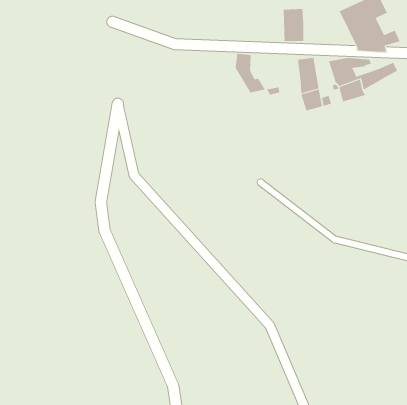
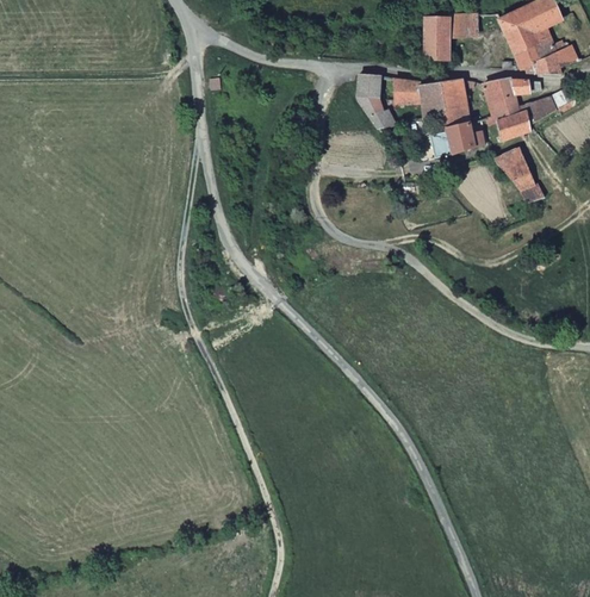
building: none -> [448,12,477,36]
building: none -> [392,77,443,118]
building: none -> [495,145,545,203]

